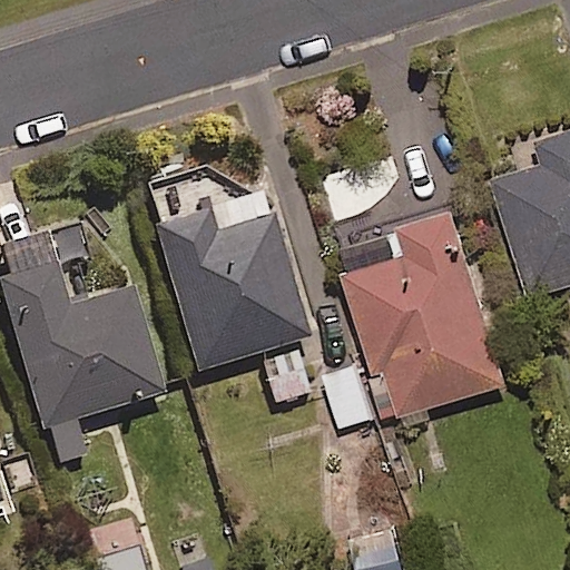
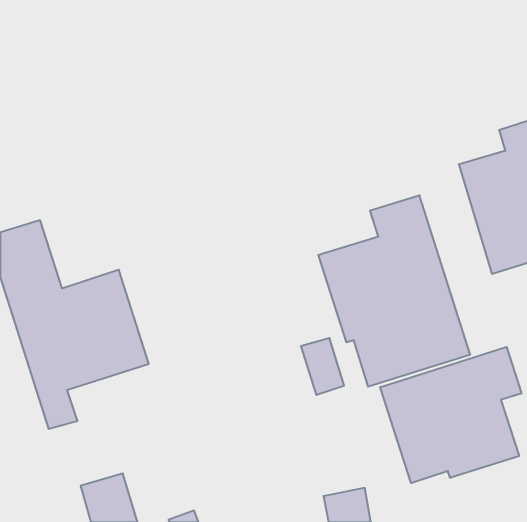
building: [154,194,309,372] -> none
building: none -> [380,347,521,483]

